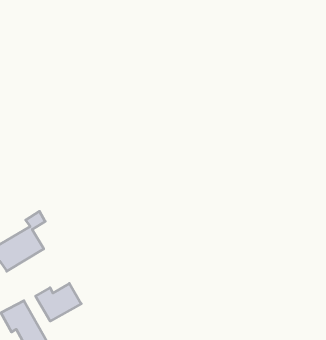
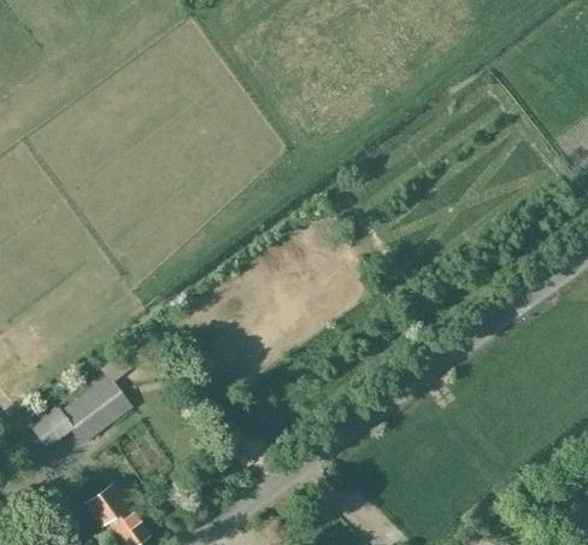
building: [36,283,81,321] -> none

